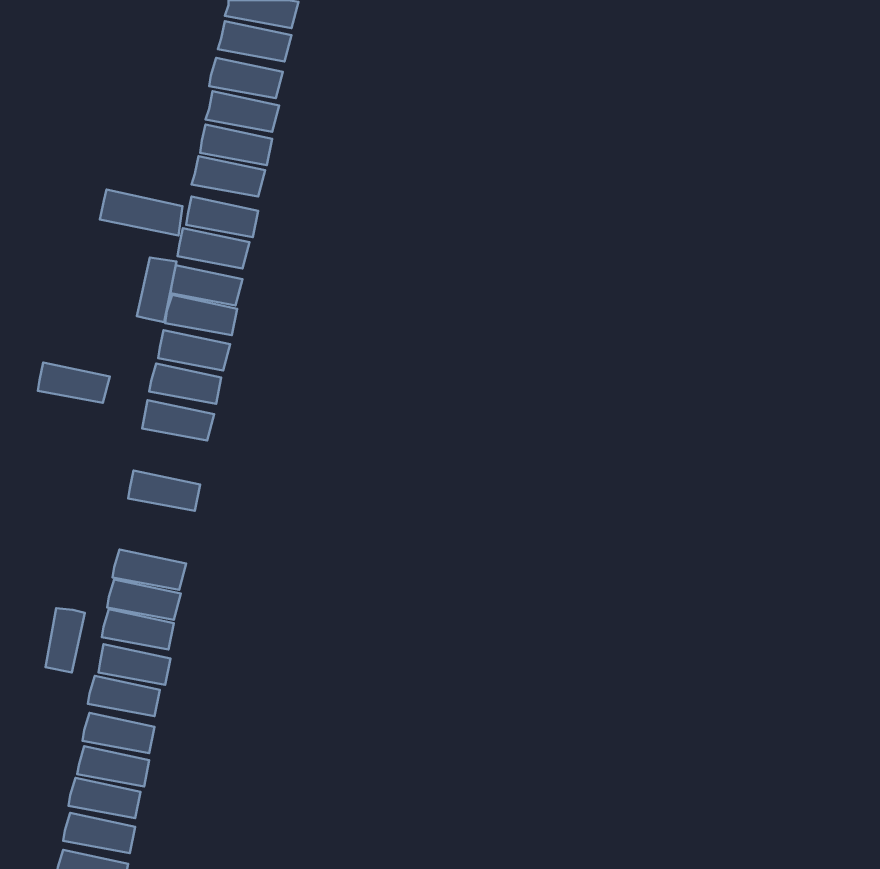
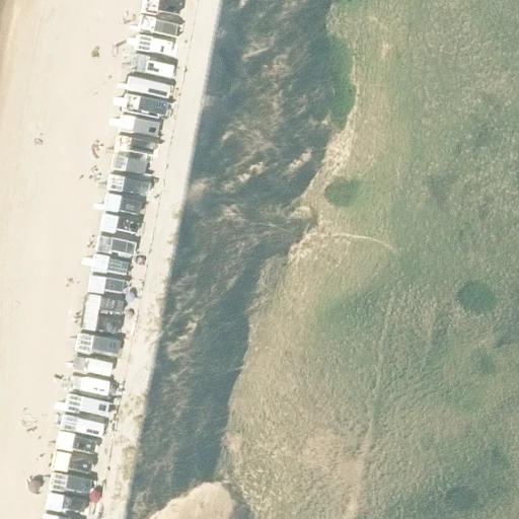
building: [100,190,183,235] -> none
building: [137,258,176,322] -> none
building: [38,363,110,403] -> [89,268,131,291]
building: none -> [81,308,123,331]
building: [45,608,85,672] -> none

